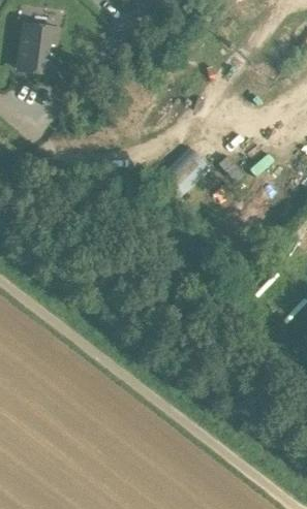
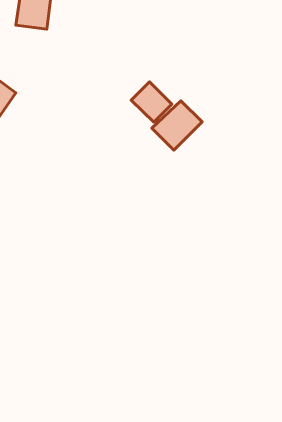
building: none -> [131,82,172,122]

